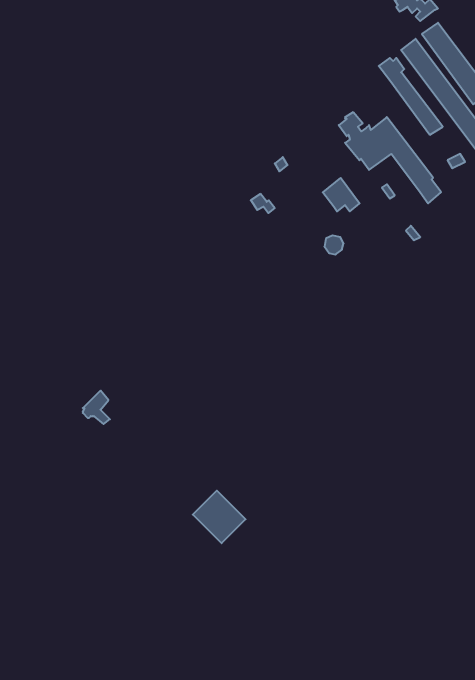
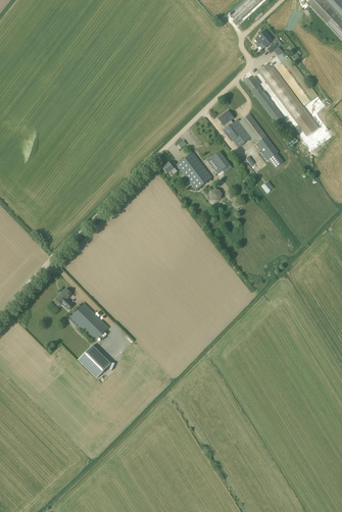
building: none -> [177,151,212,190]
building: none -> [67,302,108,340]
building: [193,491,246,543] -> [78,344,111,377]

